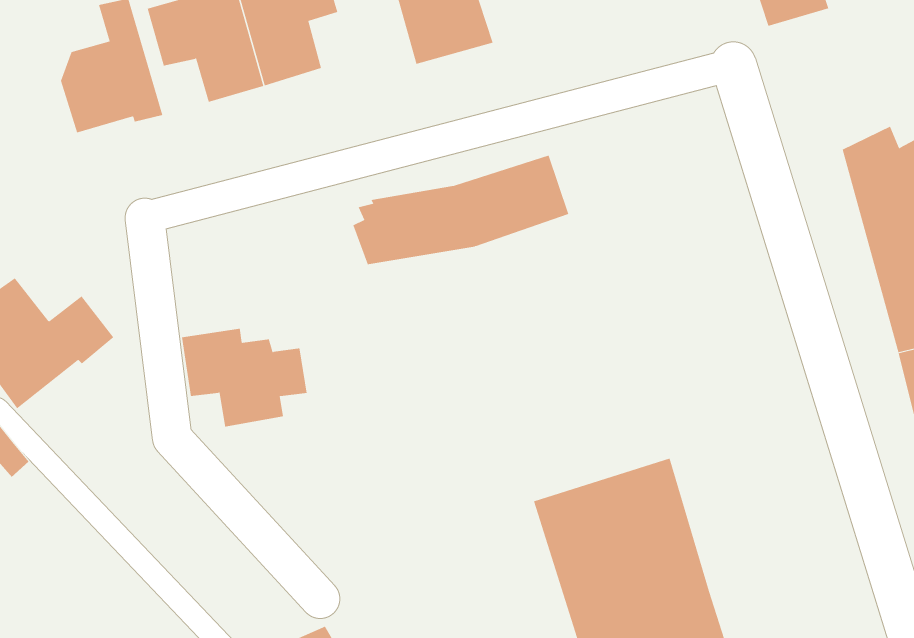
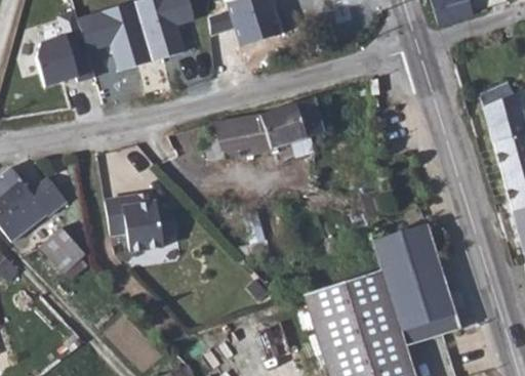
building: none -> [373,224,460,345]
building: none -> [40,226,85,273]

